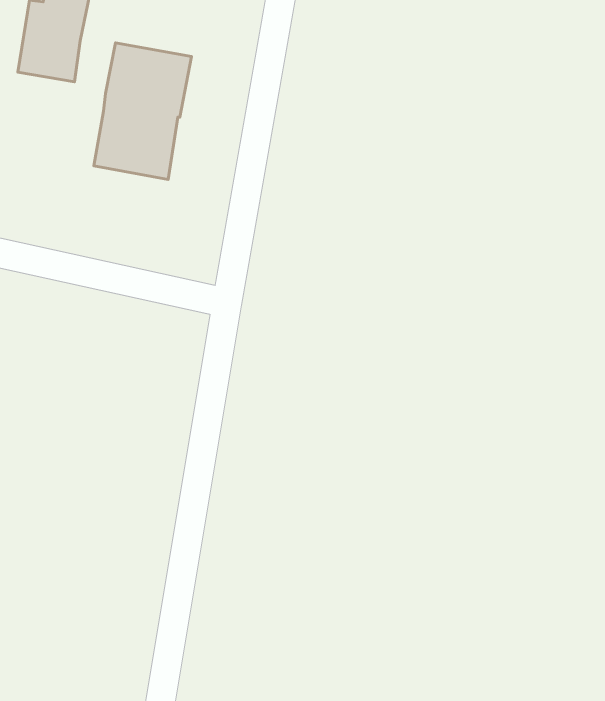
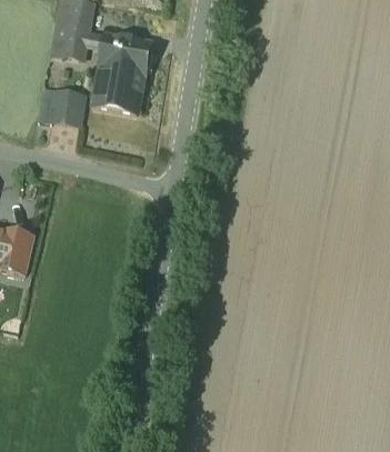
building: none -> [50,91,84,129]

